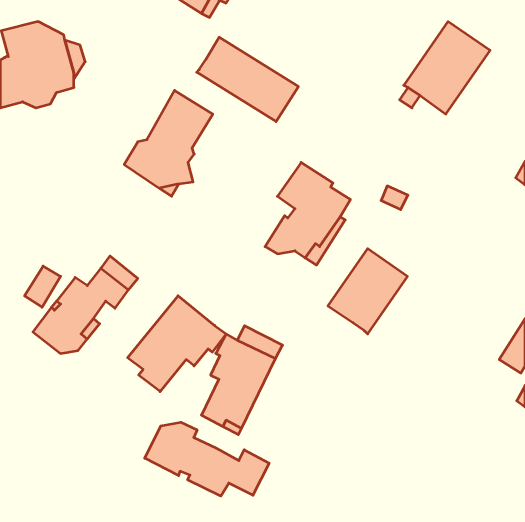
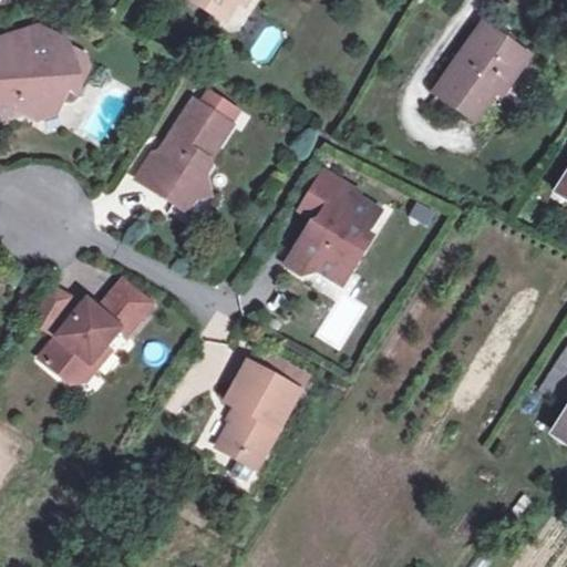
building: [197,37,298,122] -> none
building: [328,249,407,334] -> none
building: [128,296,226,392] -> none
building: [145,422,269,496] -> none

